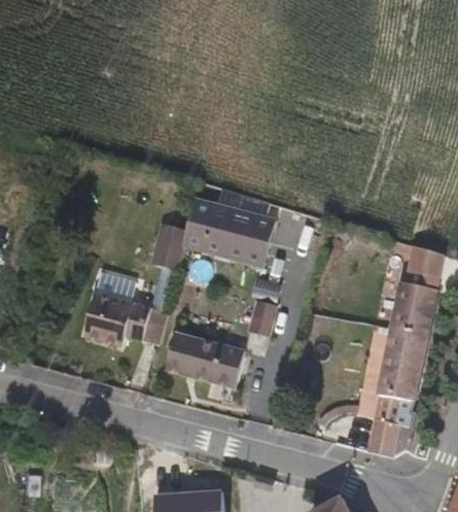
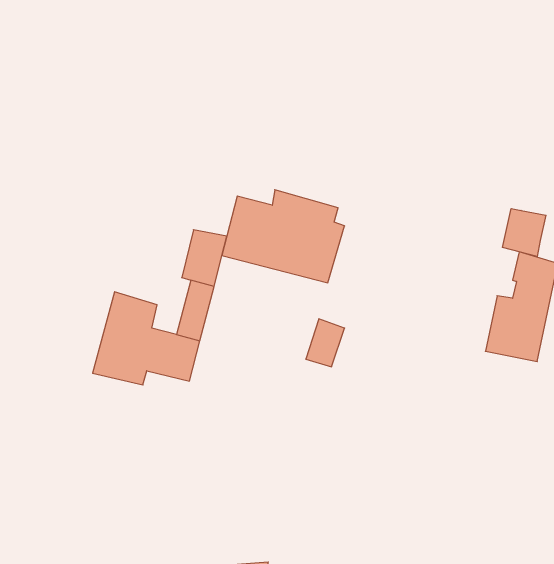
building: none -> [502,209,546,256]
building: [363,321,432,455] -> none
building: [162,330,243,387] -> none

